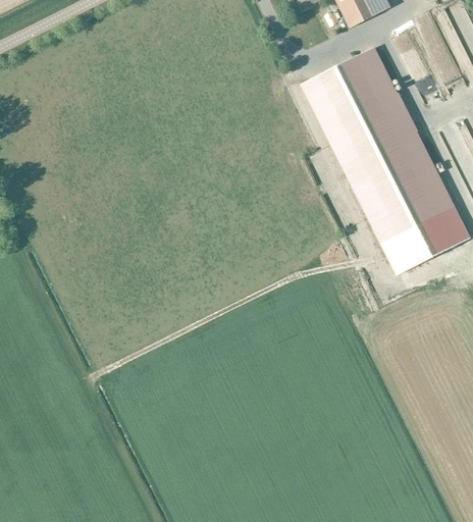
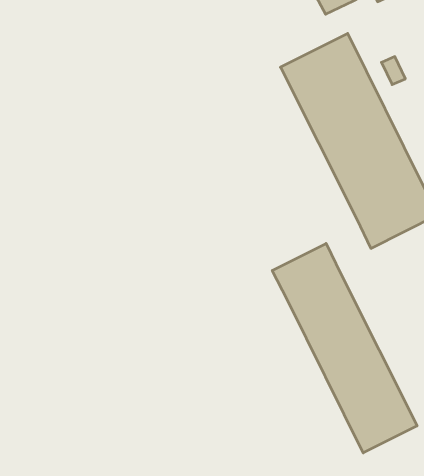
building: none -> [272,243,417,453]

